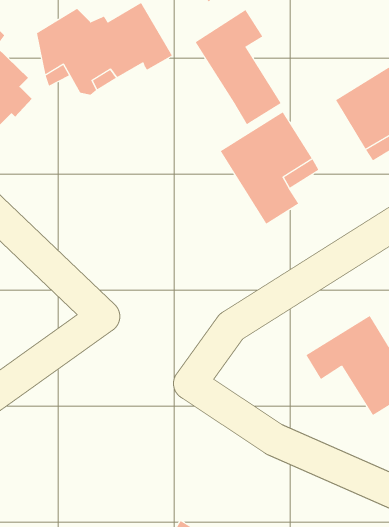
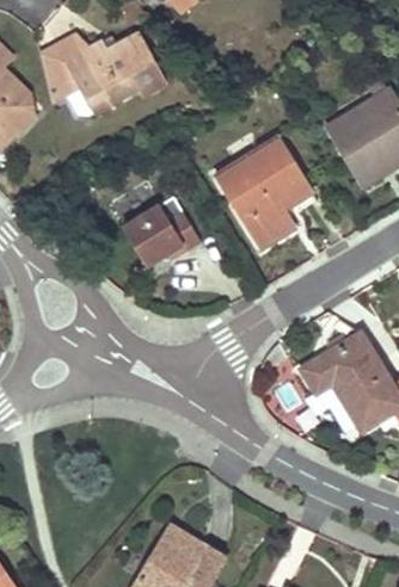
building: [195,9,281,125] -> none
building: none -> [122,205,197,264]

